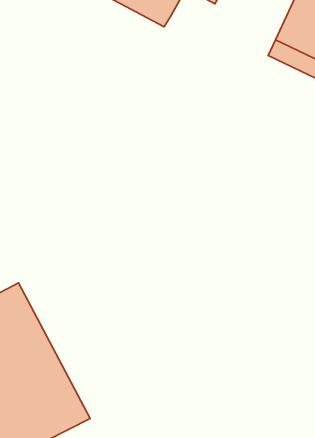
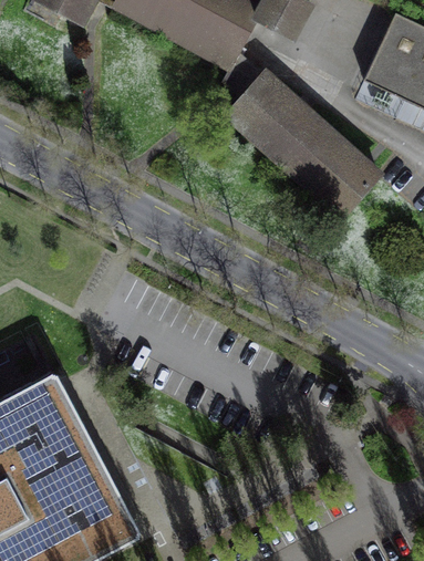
building: none -> [224,50,380,215]

